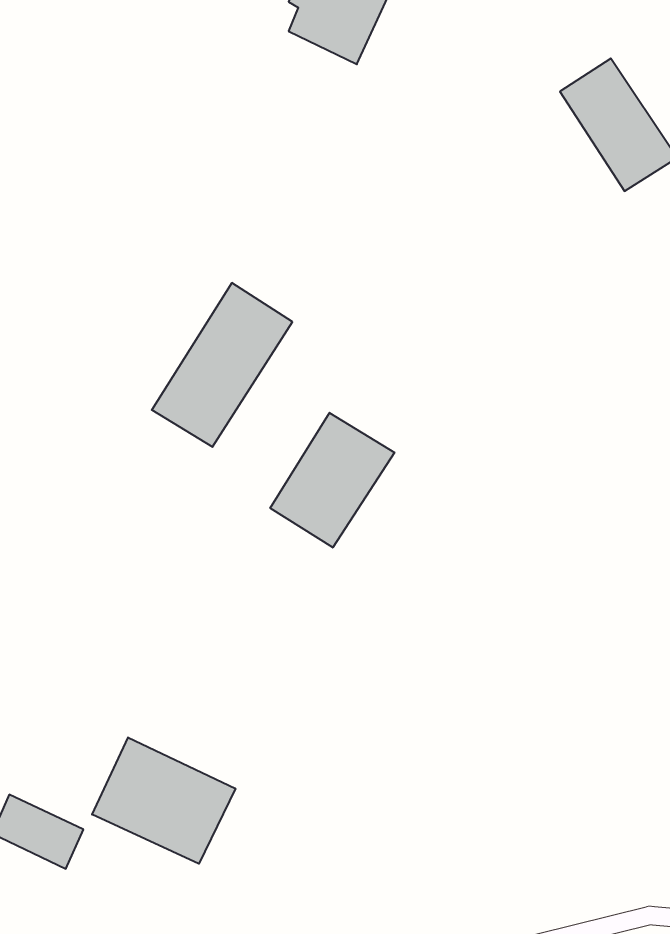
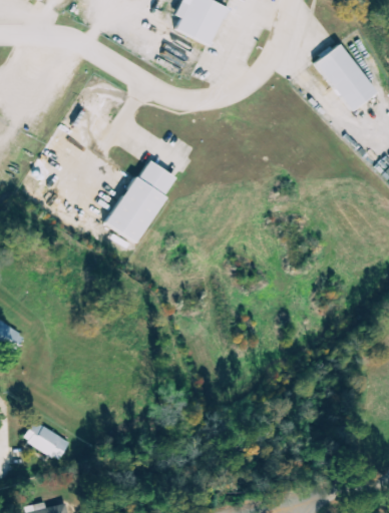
building: [270,413,394,548] -> none
building: [92,737,235,864] -> none

